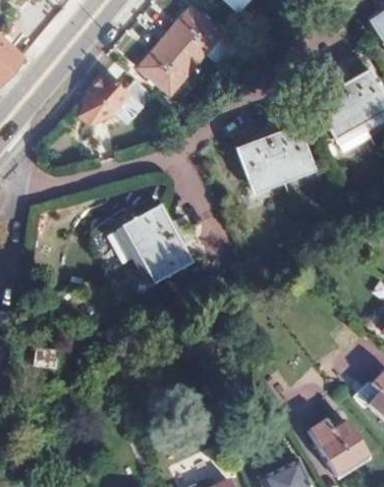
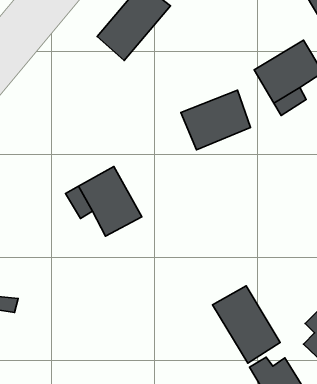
building: [79,58,151,120] -> none
building: none -> [212,286,280,363]

